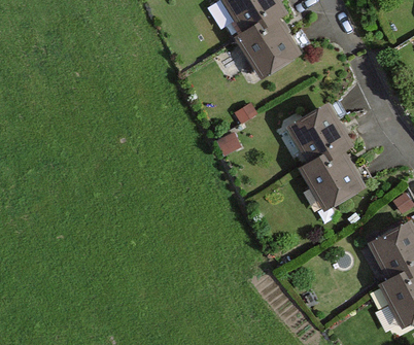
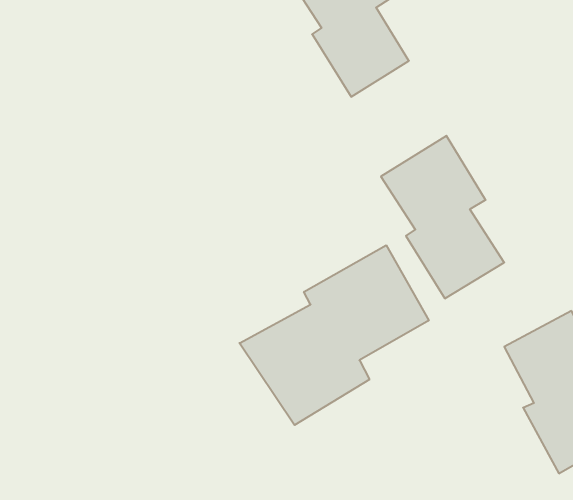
building: none -> [239,245,429,425]

